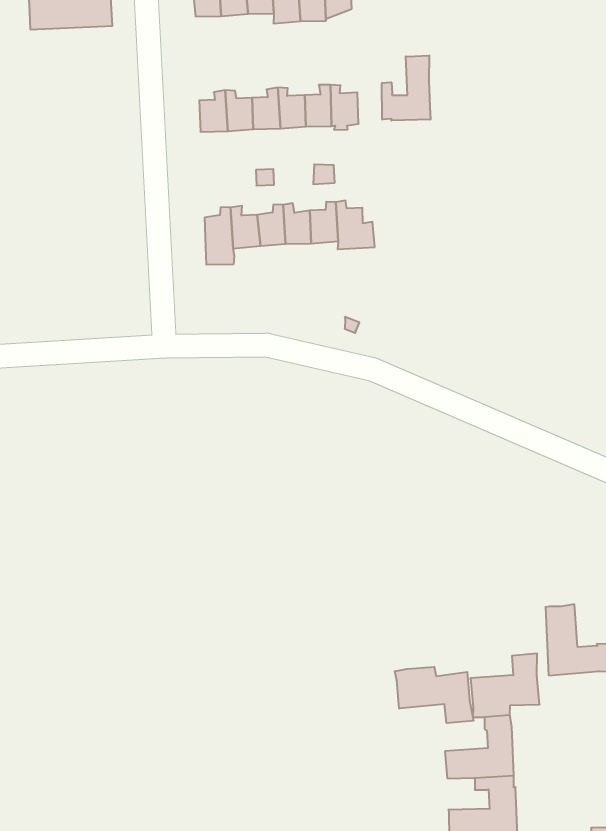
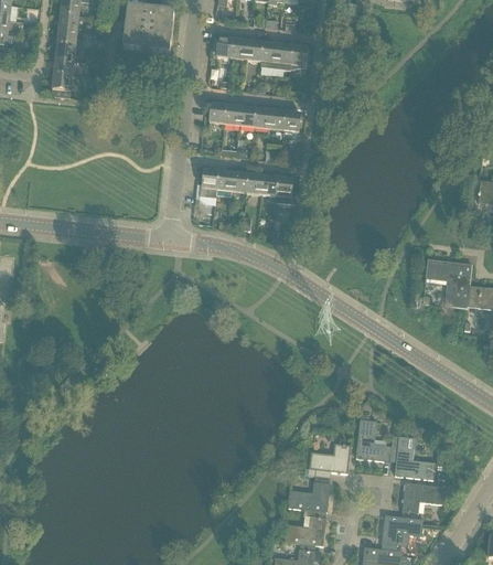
building: [382,55,430,121] -> none
building: [395,667,473,723] -> none

